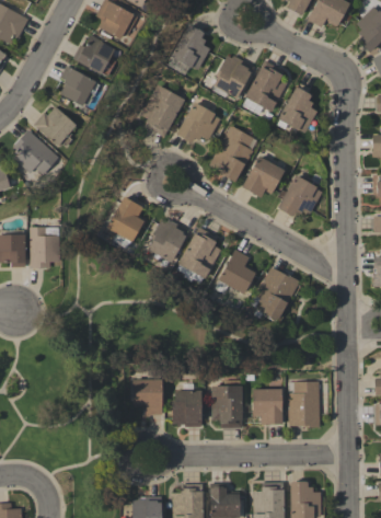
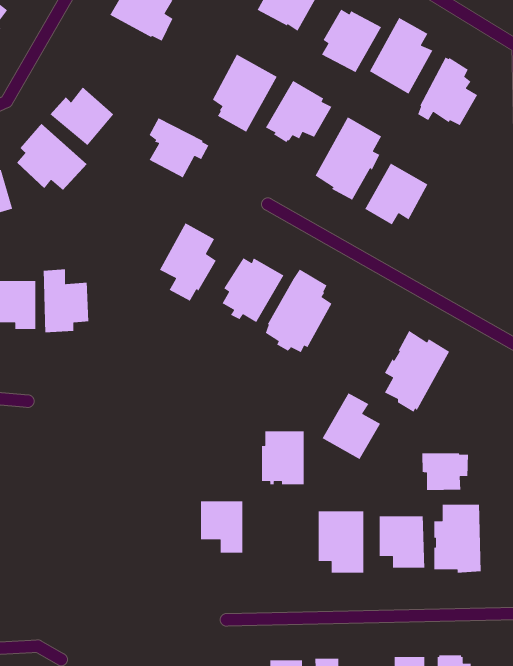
building: [60,66,101,106] -> [148,117,210,178]
building: [278,175,322,217] -> none
building: [218,250,257,295] -> [322,392,381,460]
building: none -> [421,453,469,491]
building: [172,391,200,427] -> [261,430,304,485]

